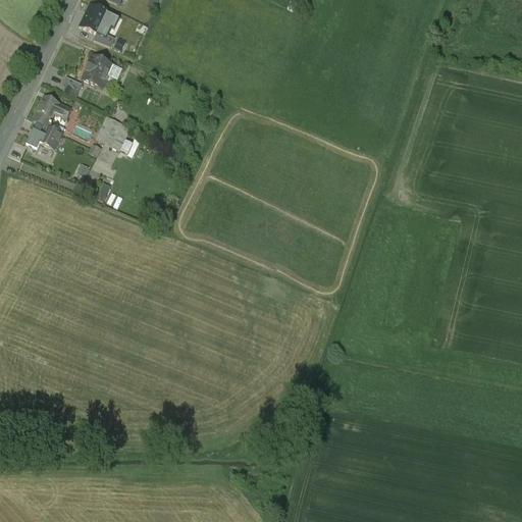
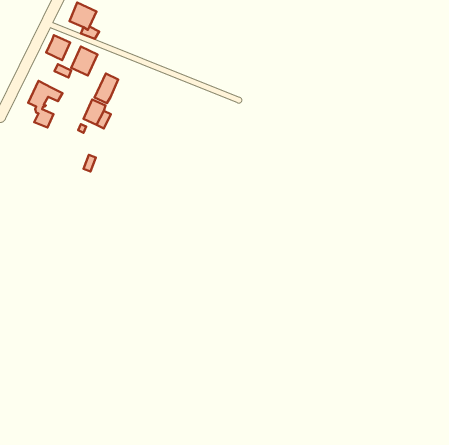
building: none -> [46,35,70,60]
building: none -> [94,74,118,103]

